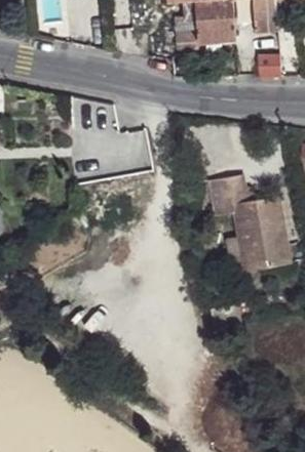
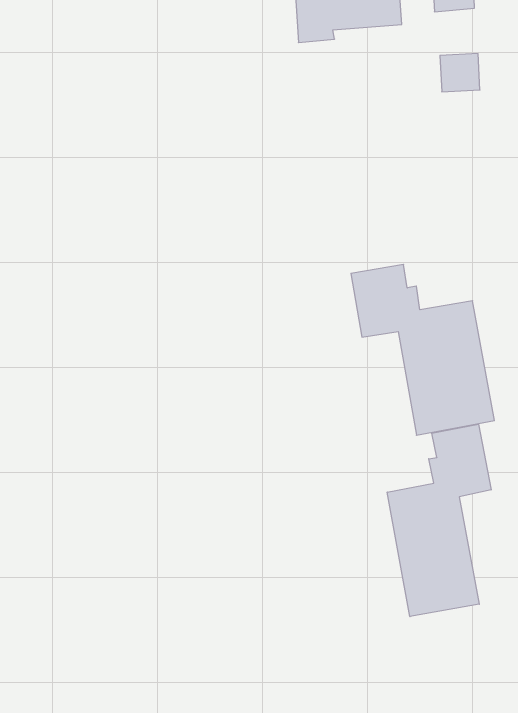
building: none -> [387,424,491,617]

